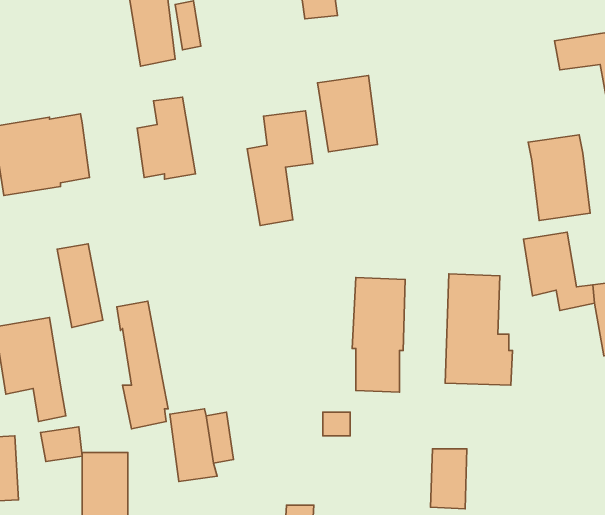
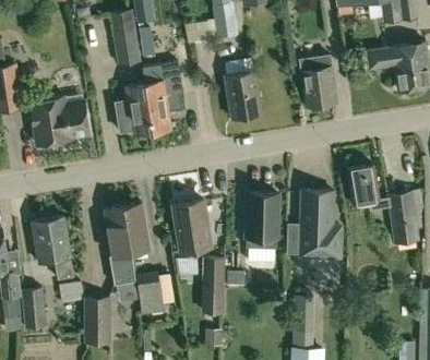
building: [247,111,313,225] -> [143,62,182,131]
building: [528,135,590,221] -> [299,56,336,107]
building: [57,244,103,328] -> [122,204,150,254]
building: none -> [172,200,211,252]
building: none -> [200,256,224,313]

